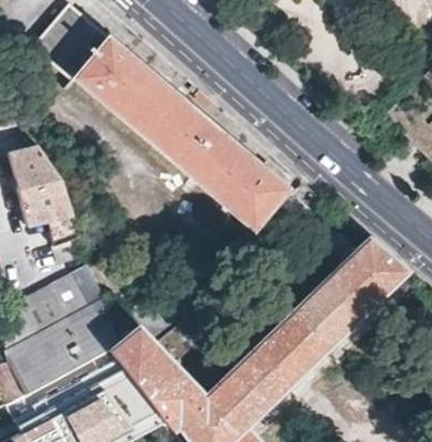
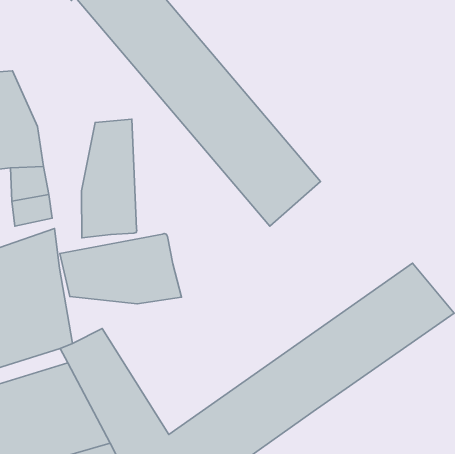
building: none -> [82,119,137,238]
building: none -> [60,233,181,304]

